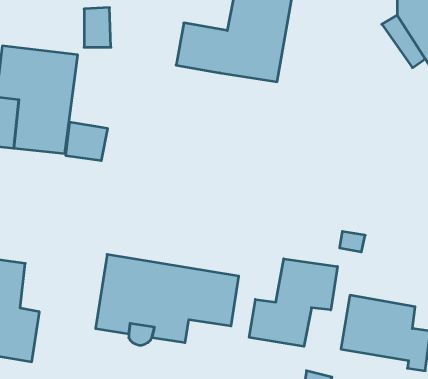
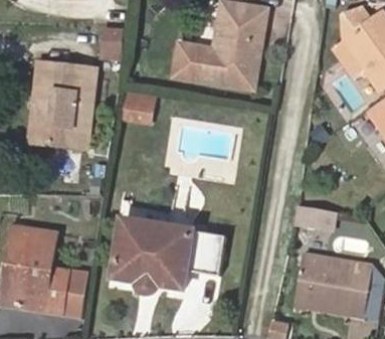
building: [66,122,108,161] -> [122,92,155,122]
building: [249,259,337,346] -> none
building: none -> [59,271,86,313]

